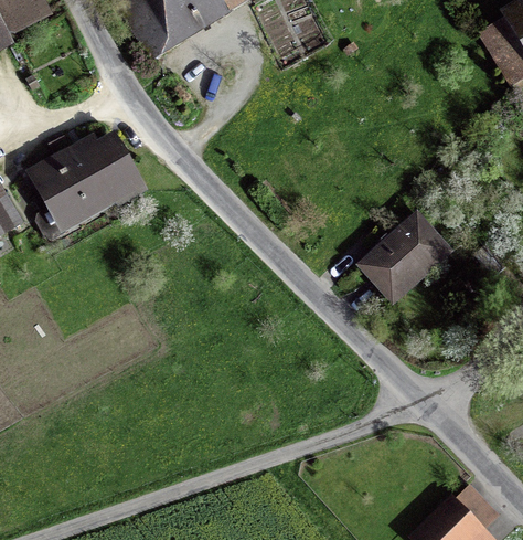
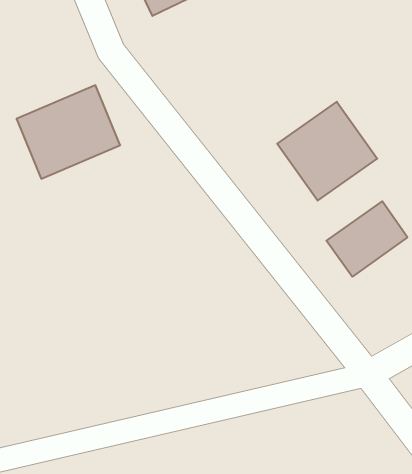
building: none -> [277,102,377,201]

